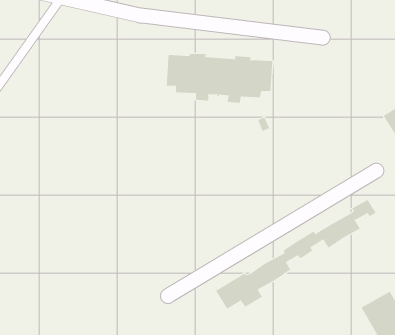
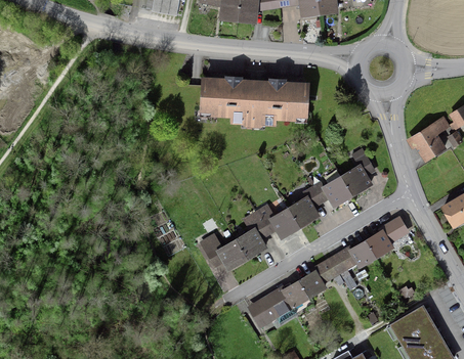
building: none -> [207,155,374,268]

